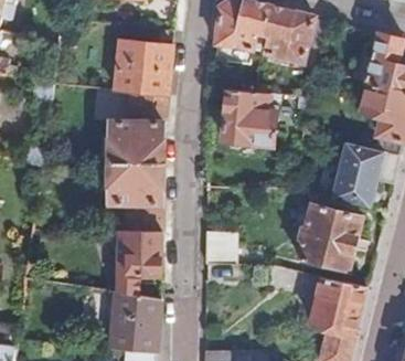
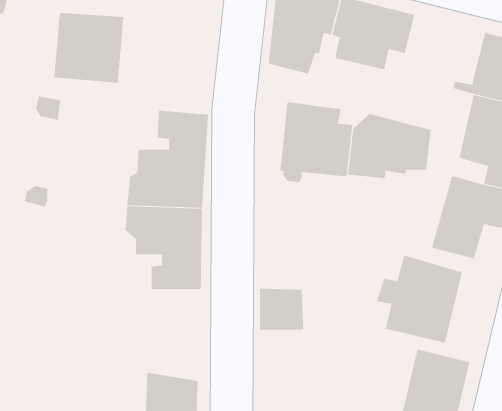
building: [116,43,170,97] -> [53,12,124,83]
building: none -> [348,113,431,179]
building: [116,231,160,278] -> none

